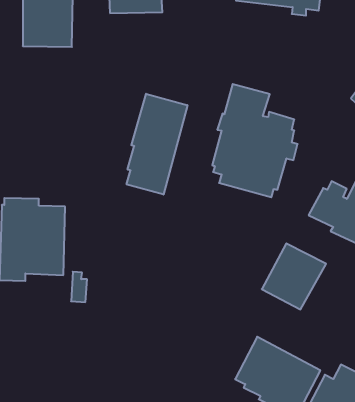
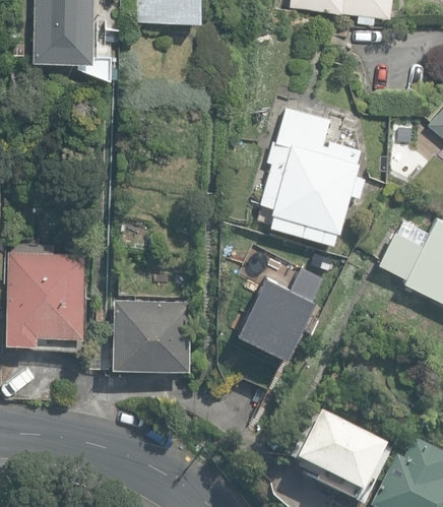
building: [127,94,187,195] -> none
building: none -> [112,299,191,370]
building: [262,243,326,309] -> [236,275,313,355]

